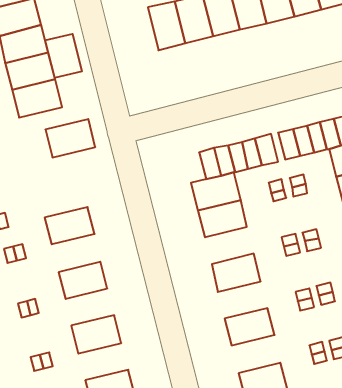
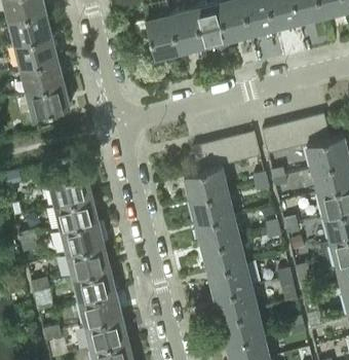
building: [45,34,82,78] -> none
building: [45,119,95,157] -> [48,173,92,207]
building: none -> [196,215,239,248]
building: none -> [61,221,104,255]
building: none -> [207,263,251,296]
building: none -> [73,269,116,302]
building: none -> [220,311,263,345]
building: none -> [84,318,128,351]

